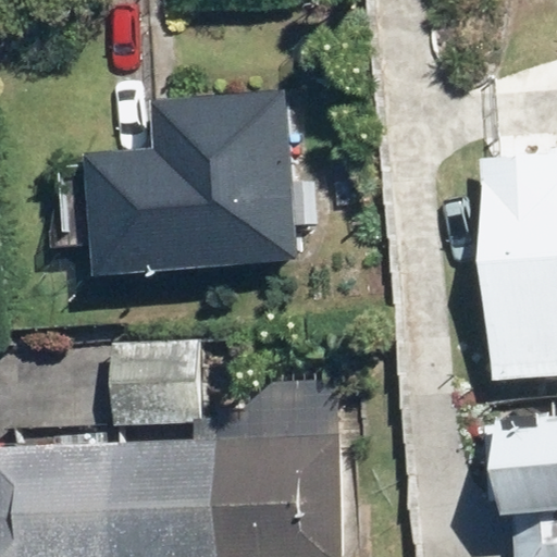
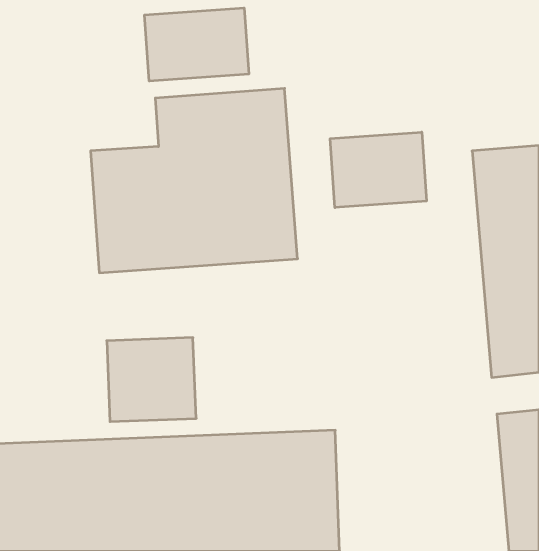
building: none -> [145,8,249,81]
building: none -> [330,132,426,208]

